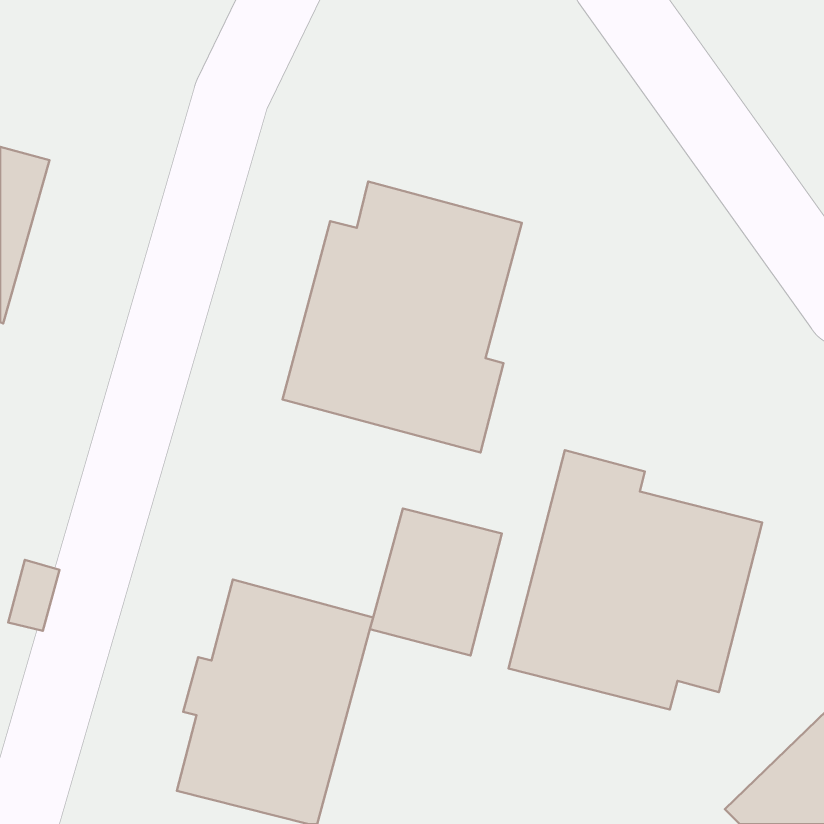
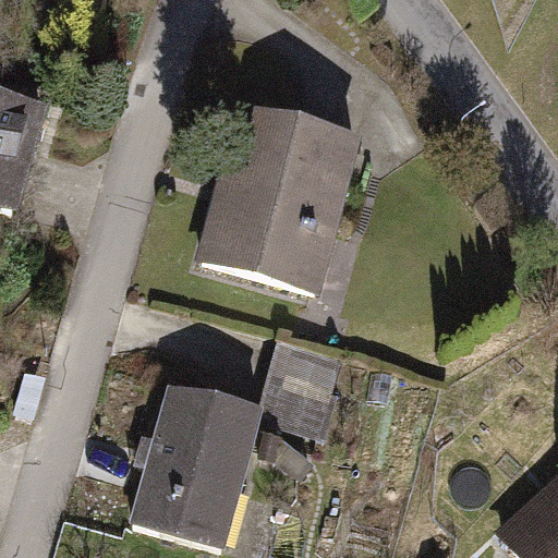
building: [509,450,762,710] -> none

